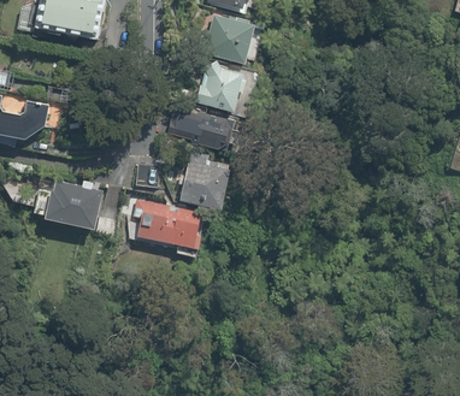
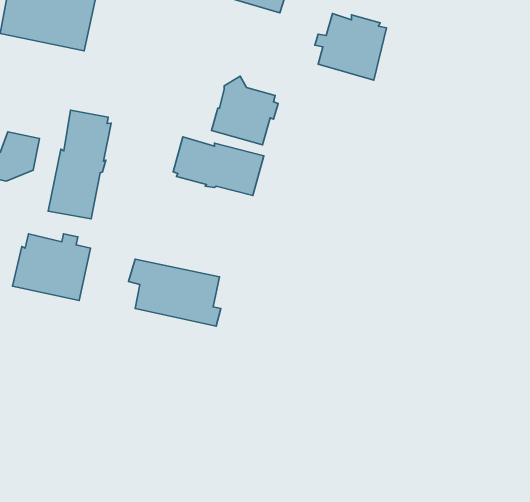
building: [199,14,253,65] -> [315,13,387,80]
building: none -> [48,110,111,219]
building: [176,152,228,212] -> none

